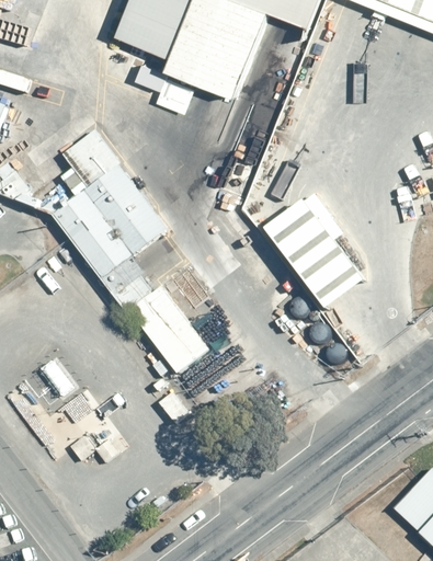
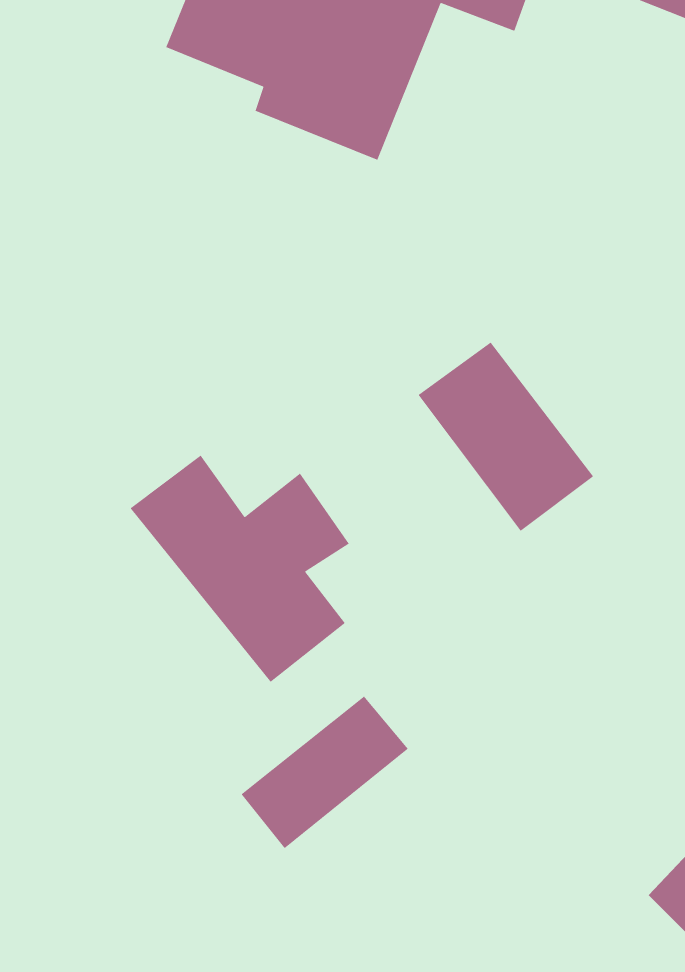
building: [45,122,172,287] -> none
building: none -> [240,695,409,849]

